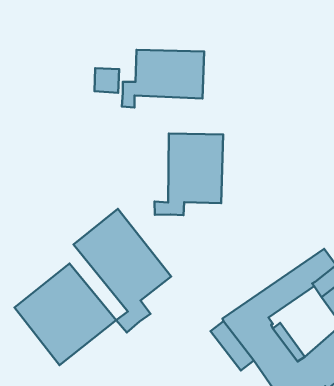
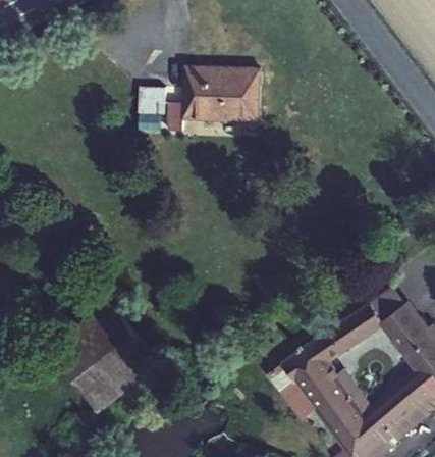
building: [154,134,223,215] -> none
building: [74,209,171,333] -> none

